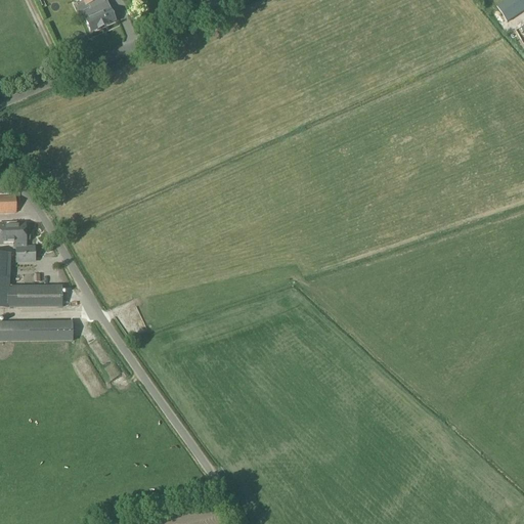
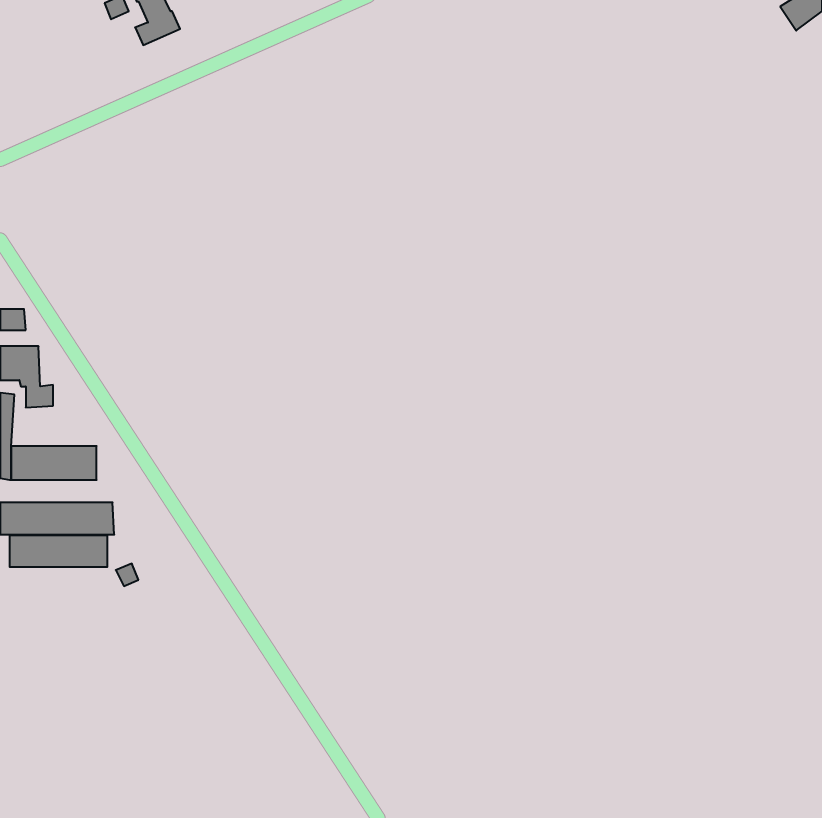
building: none -> [10,535,107,567]

